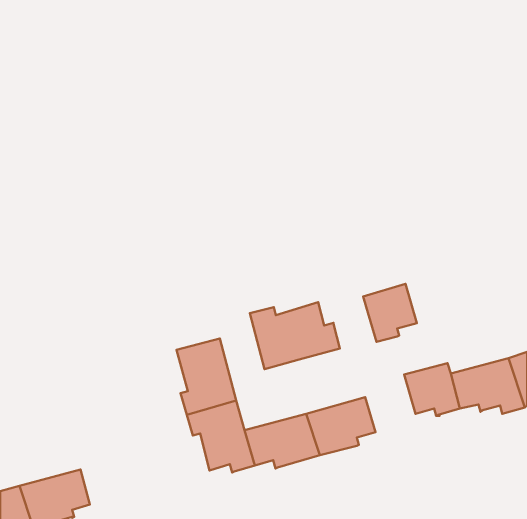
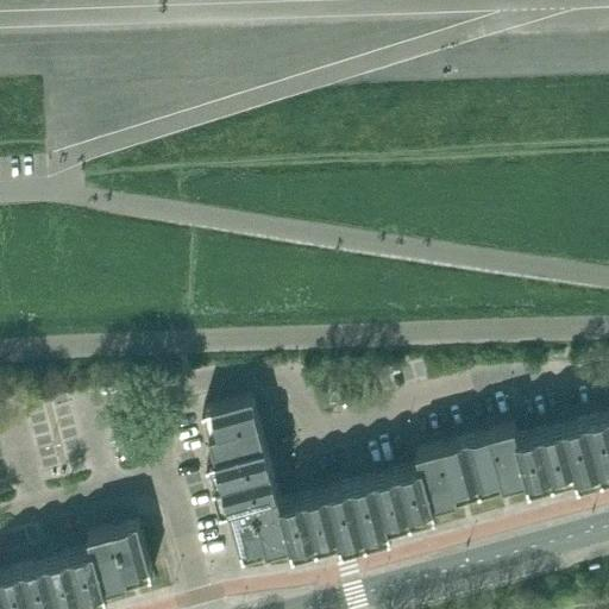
building: [363,284,417,342] -> [417,441,479,508]
building: [250,302,340,369] -> none
building: none -> [89,525,151,591]

